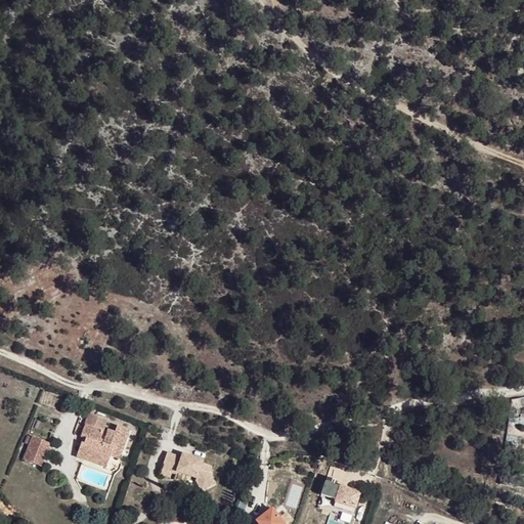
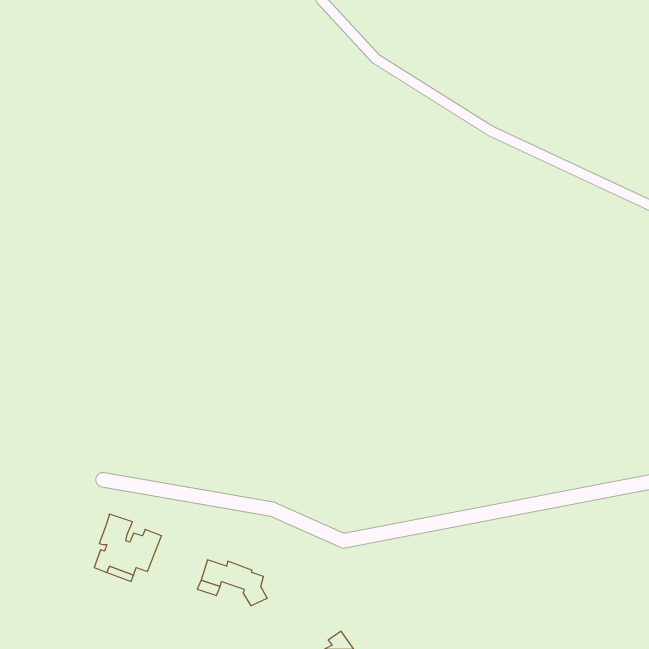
building: [23,436,48,465] -> none
building: [323,477,362,513] -> none

